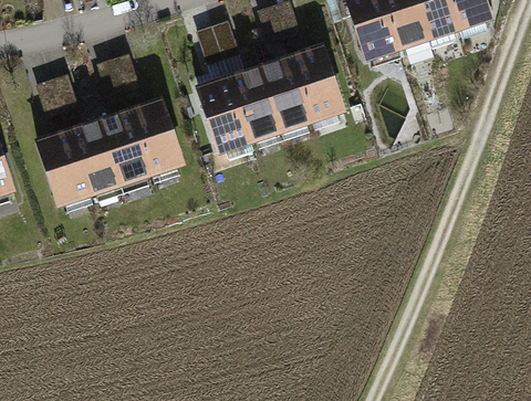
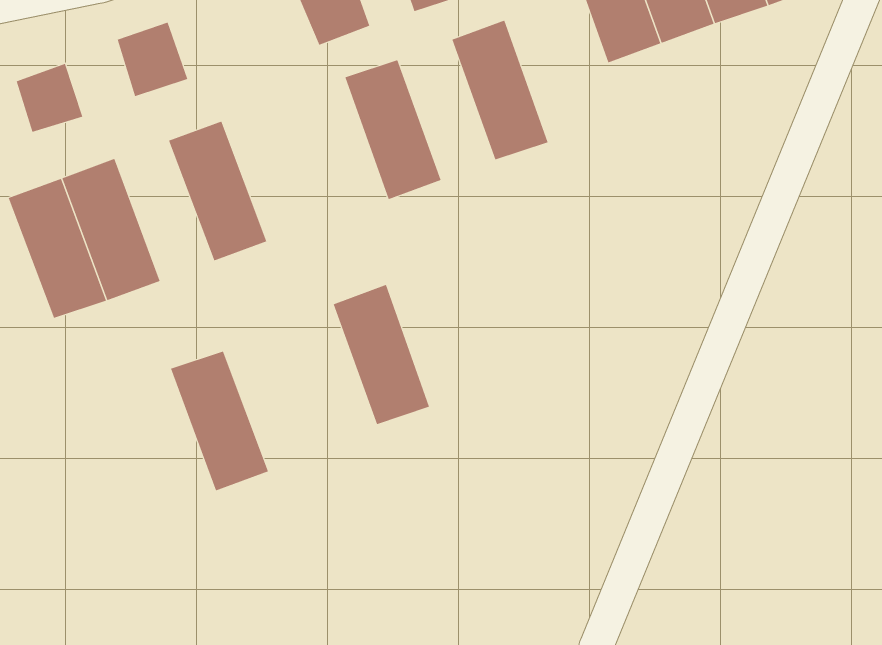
building: [254,59,309,137] -> none
building: [195,80,249,158] -> [333,284,430,425]
building: [96,115,152,193] -> [170,351,269,491]

